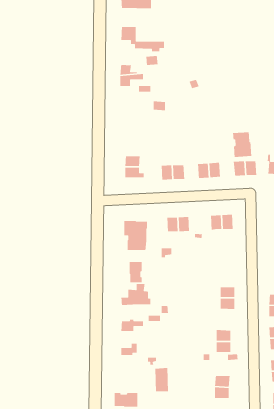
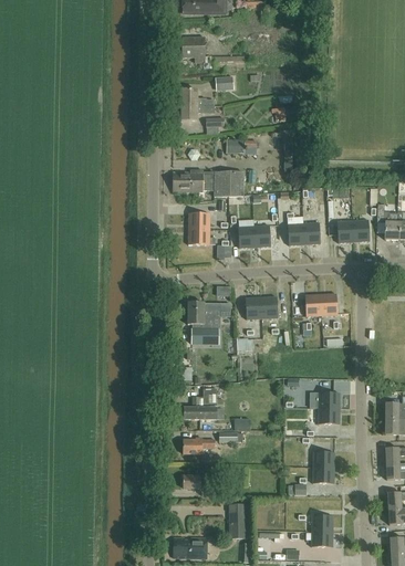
building: none -> [173,171,242,196]
building: [232,131,252,158] -> none
building: [129,261,142,283] -> none

